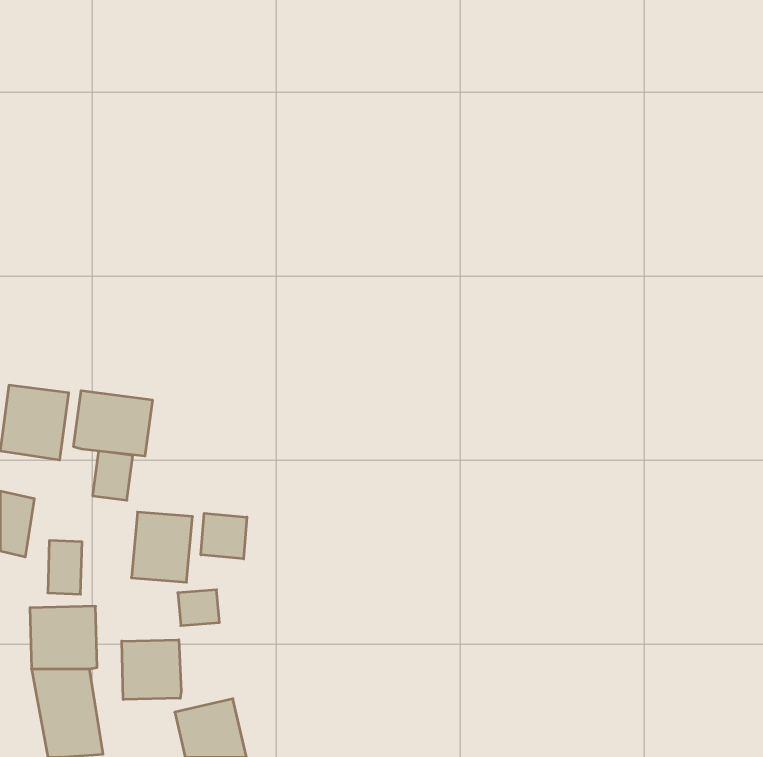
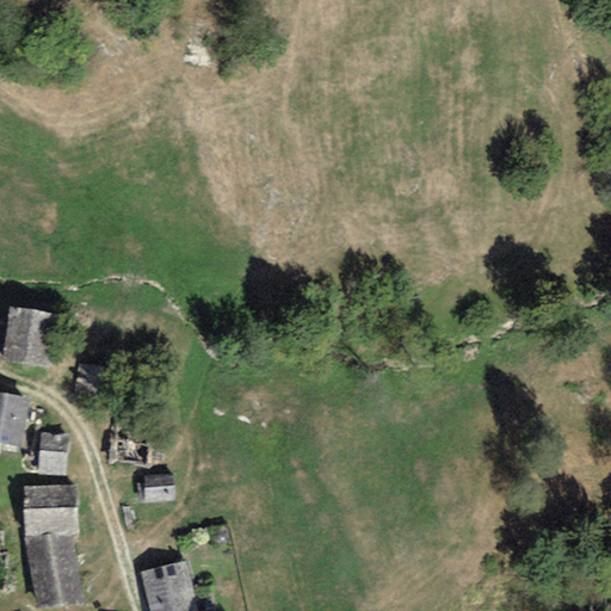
building: [74,391,152,456] -> none
building: [201,513,247,559] -> none
building: [122,640,181,700] -> none

